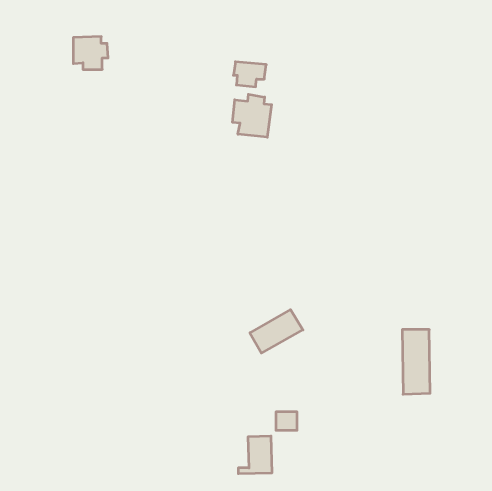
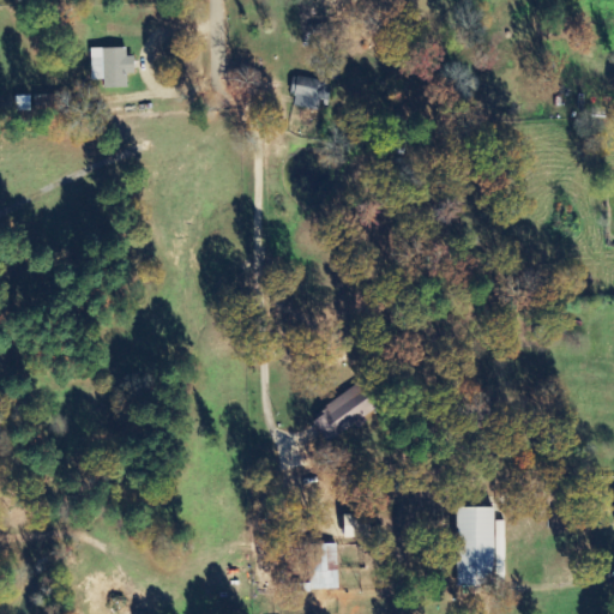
building: [233,94,272,137] -> none
building: [402,330,430,394] -> [458,505,493,585]

